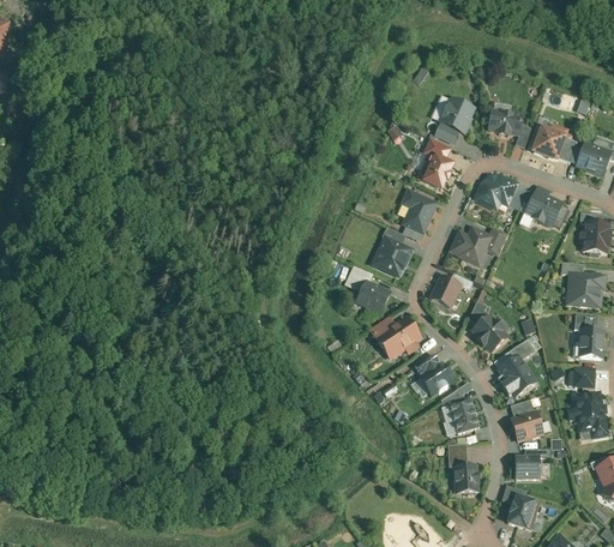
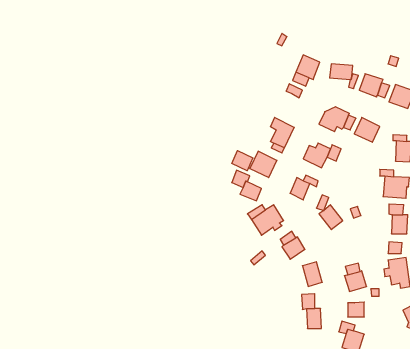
building: [421,154,452,188] -> none
building: none -> [232,151,253,171]
building: [499,357,536,396] -> none

